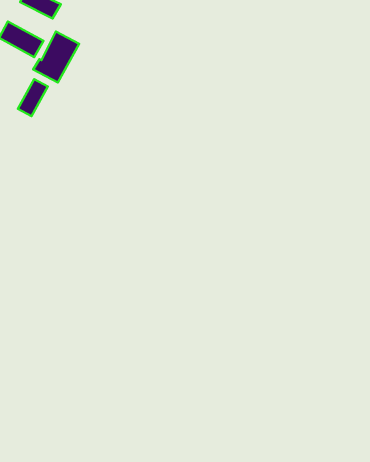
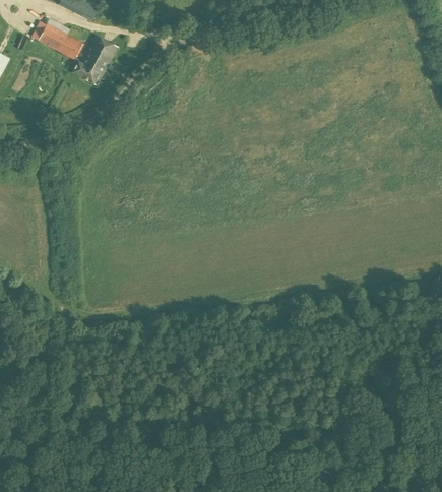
building: [18,79,48,116] -> none

